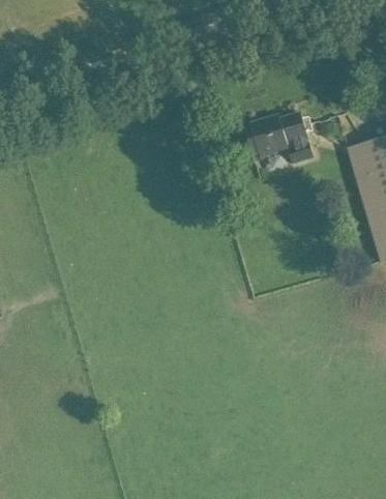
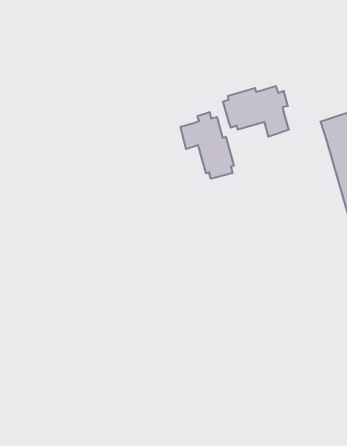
building: none -> [181,112,234,179]

